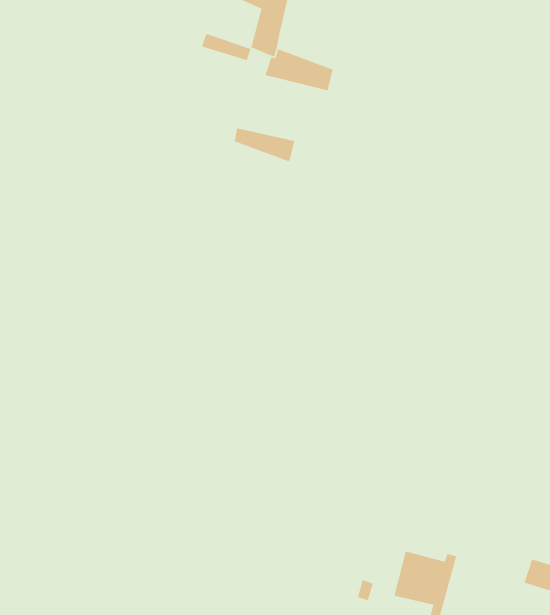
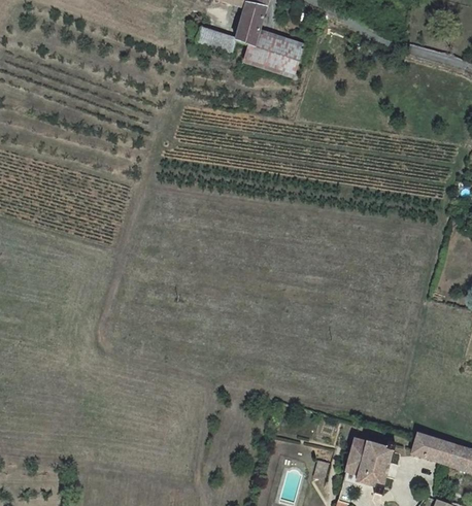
building: [234,127,295,162] -> [254,29,302,57]
building: none -> [411,434,454,464]

